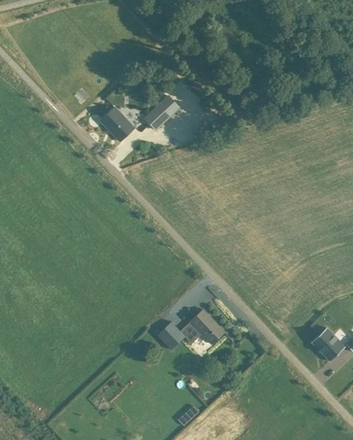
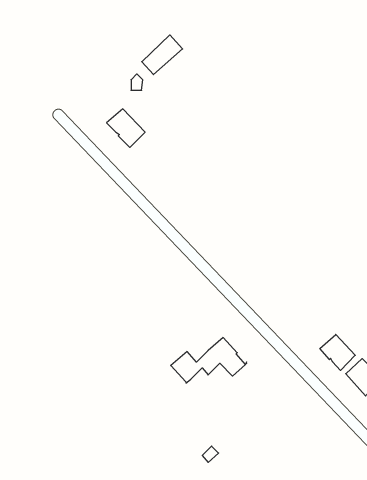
building: [143,95,180,130] -> [142,35,183,75]
building: none -> [320,334,355,370]

